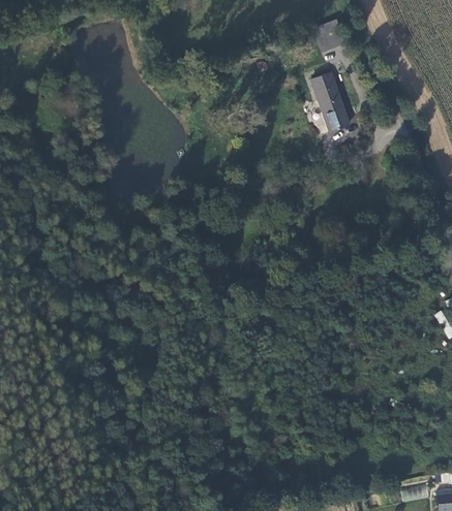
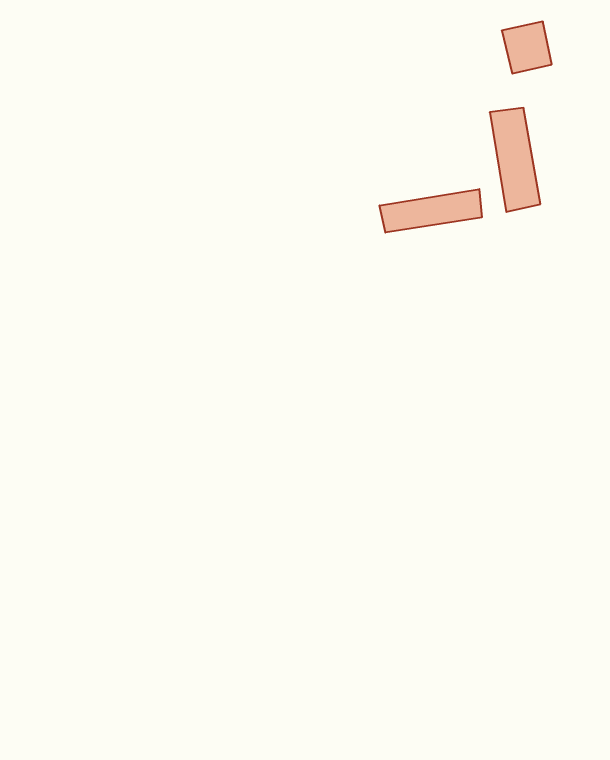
building: none -> [380,189,482,233]

